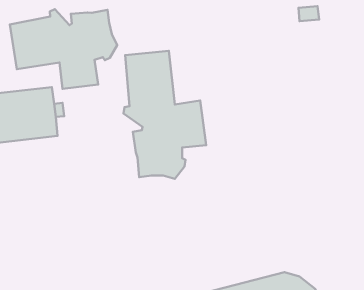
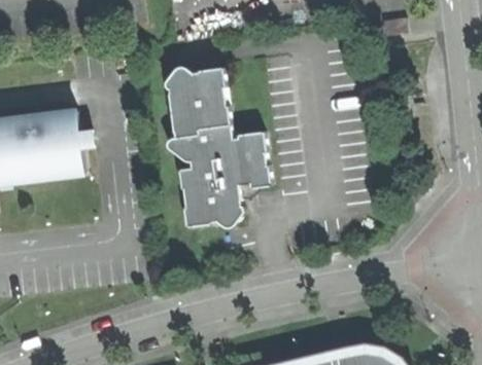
building: [10,9,117,89] -> none

